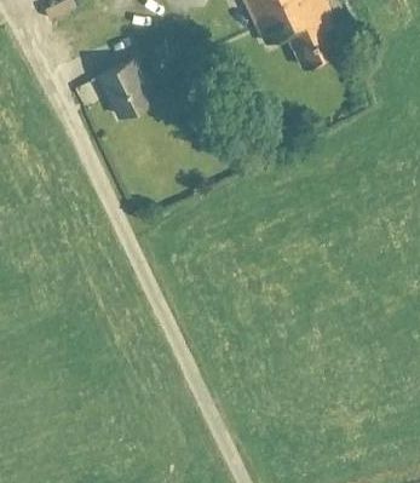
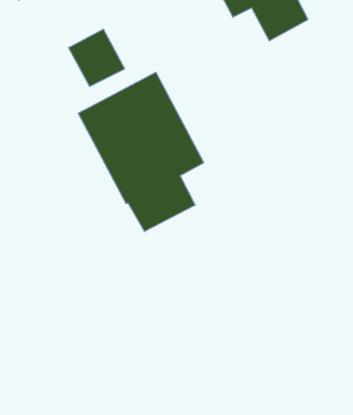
building: none -> [78,72,204,232]

